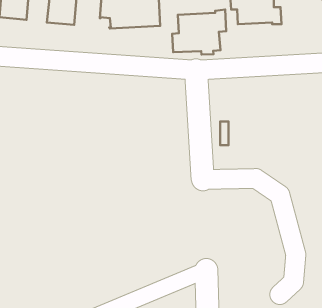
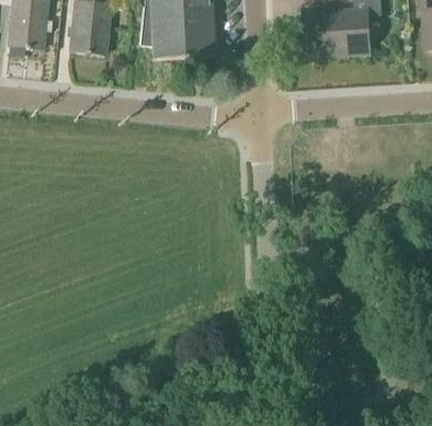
building: [172,10,226,54] -> none

